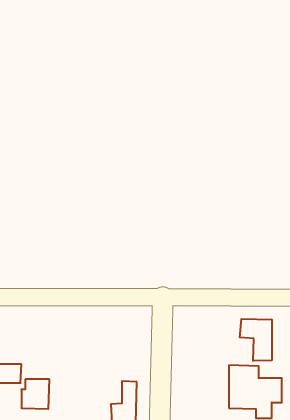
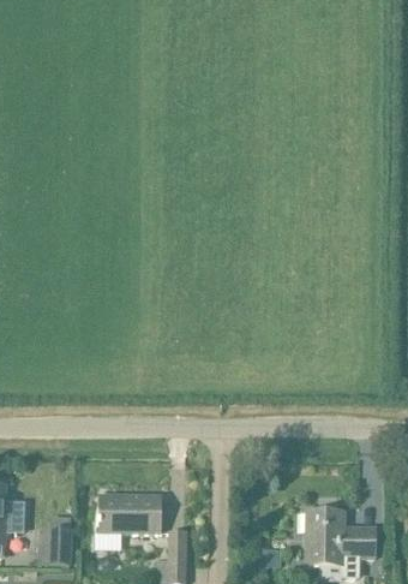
building: [240,319,272,361] -> none
building: none -> [101,494,160,532]

